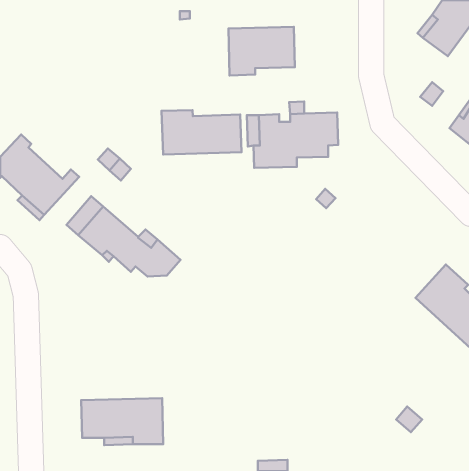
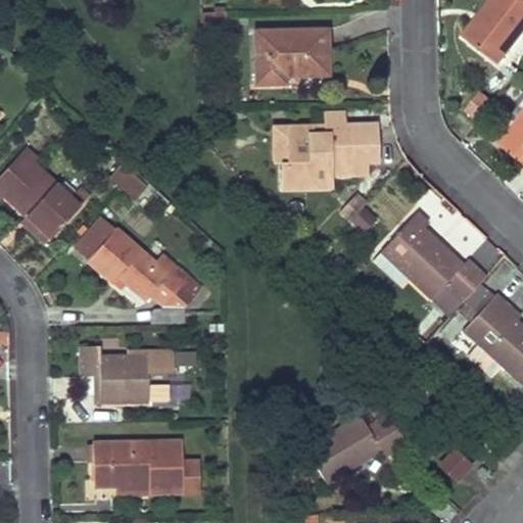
building: [161,110,242,154] -> none
building: none -> [373,211,486,303]
building: none -> [81,345,175,402]
building: none -> [305,414,408,483]

